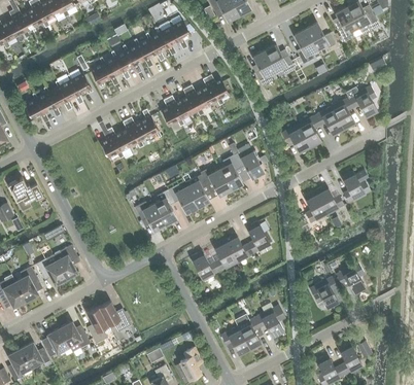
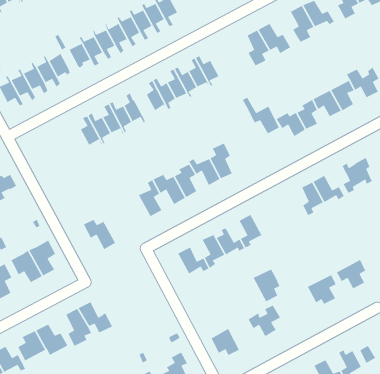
building: [228,143,263,178] -> [242,97,280,135]
building: [134,202,165,231] -> [83,219,116,250]
building: [237,318,263,350] -> [253,269,281,303]

